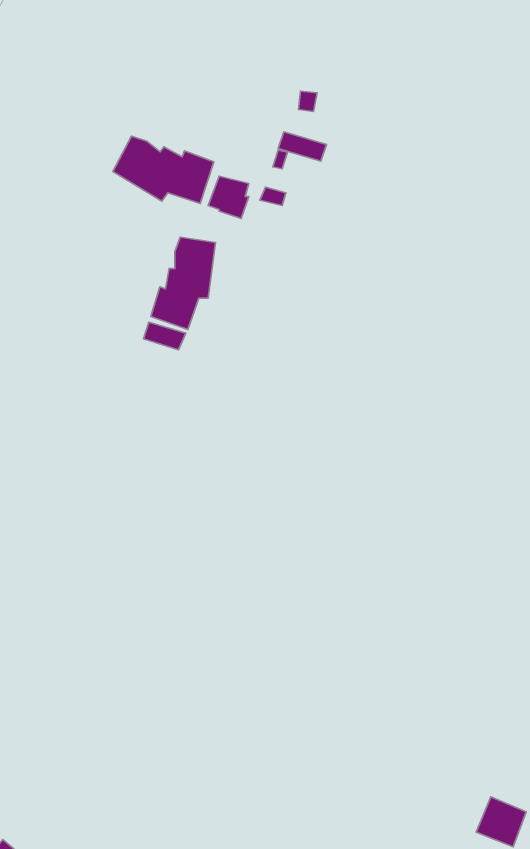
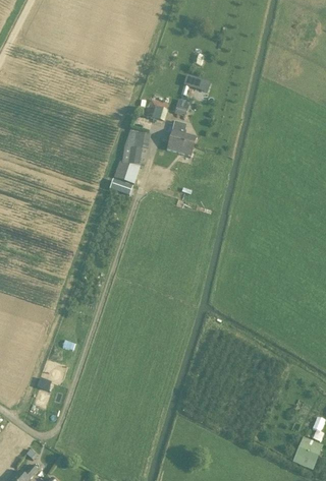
building: [113,136,214,204] -> none
building: none -> [165,120,195,156]

